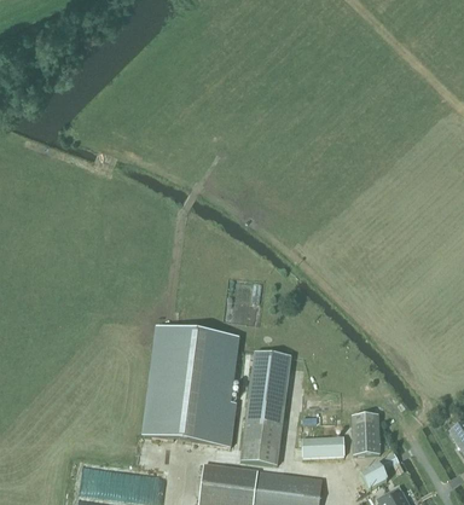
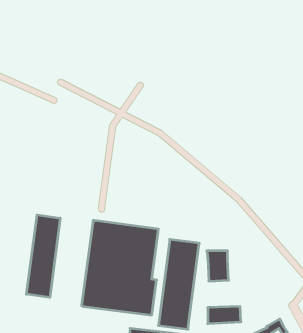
building: none -> [26,215,60,297]
building: [352,414,379,453] -> [207,251,229,281]

